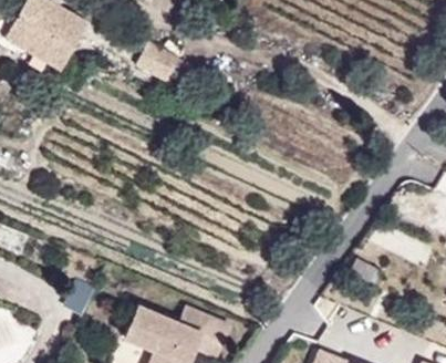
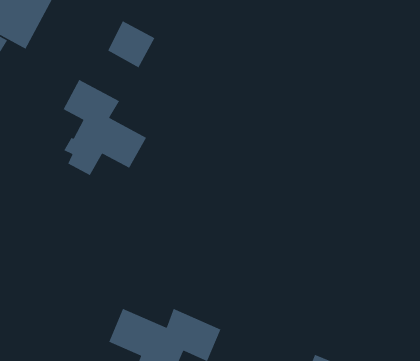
building: none -> [62,79,147,176]

